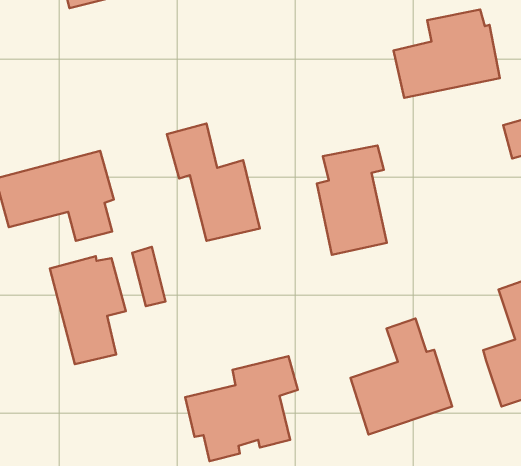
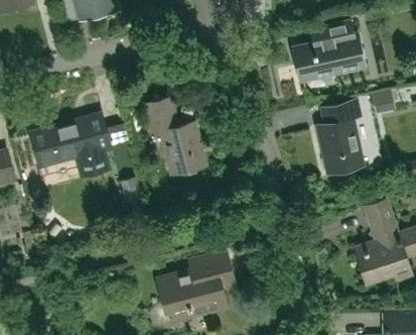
building: [317,145,387,255] -> [317,101,364,174]
building: [50,256,126,364] -> none
building: [350,318,452,434] -> none

